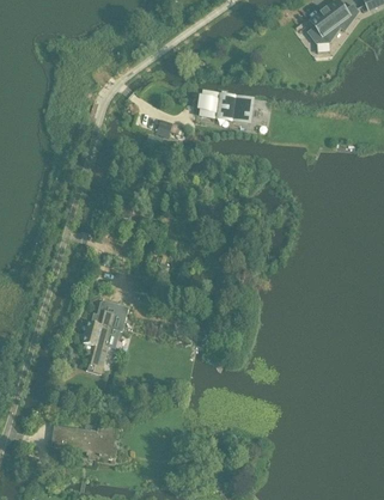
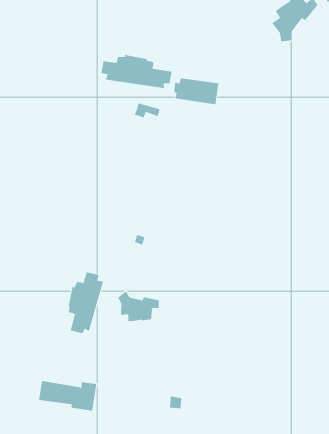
building: none -> [101,54,172,89]
building: none -> [118,291,159,322]

